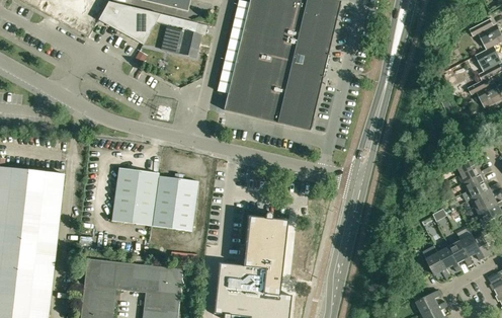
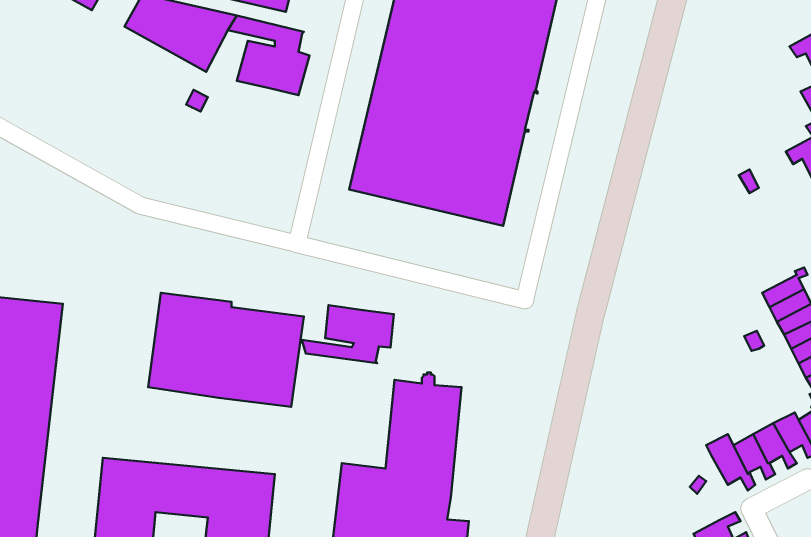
building: none -> [302,305,394,363]

